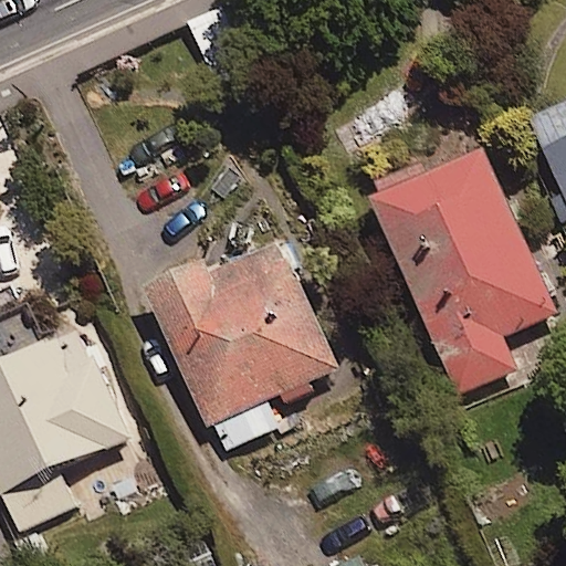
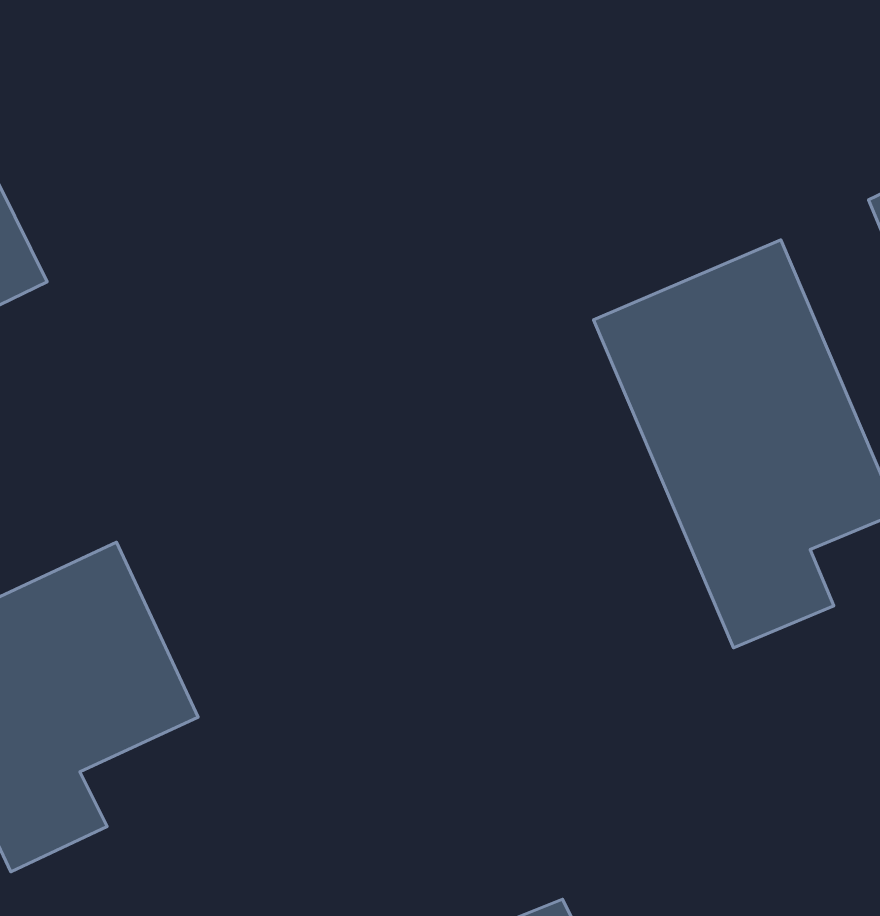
building: [145,237,337,449] -> none

